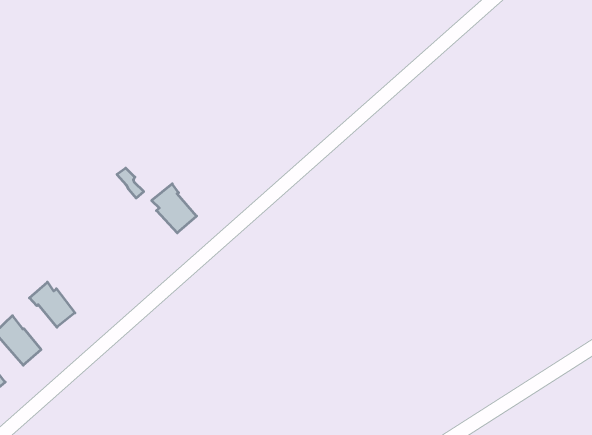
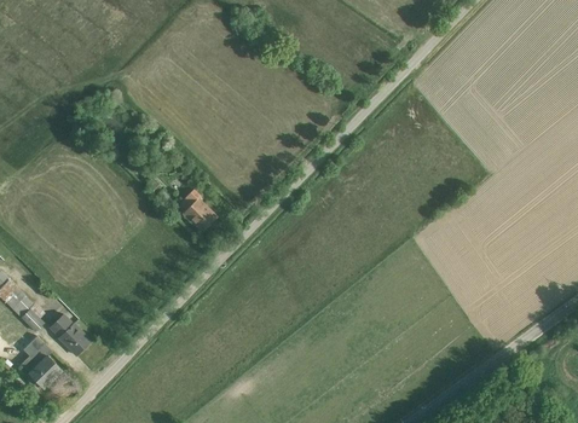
building: [29,282,75,327] -> none

